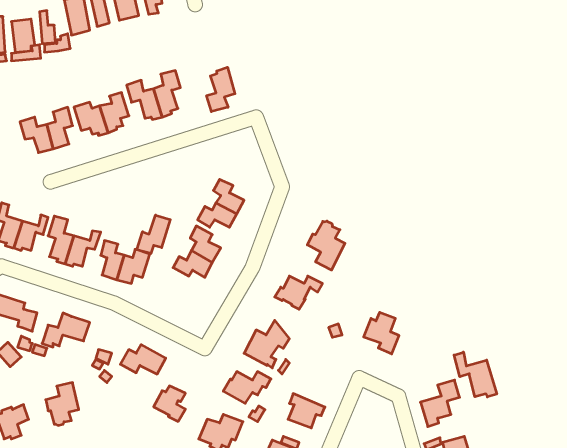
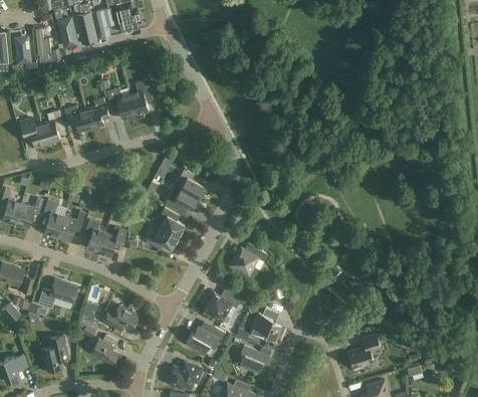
building: [207,67,235,112] -> none
building: [137,215,170,254] -> none
building: [307,221,345,270] -> none
building: [364,312,399,354] -> [253,308,282,342]
building: [454,352,497,397] -> none
building: [154,386,185,421] -> [92,335,118,364]

